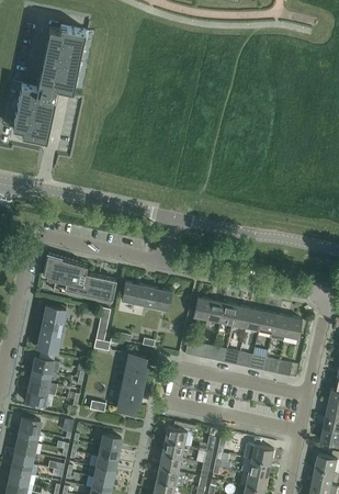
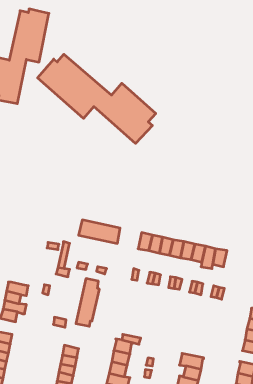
building: none -> [38,54,156,143]
building: [43,255,116,301] -> none
building: [37,306,66,352] -> none

